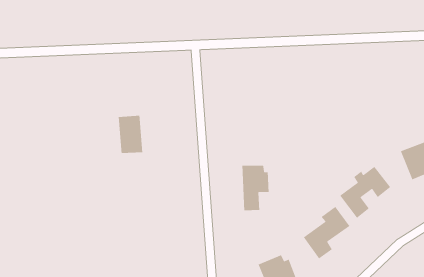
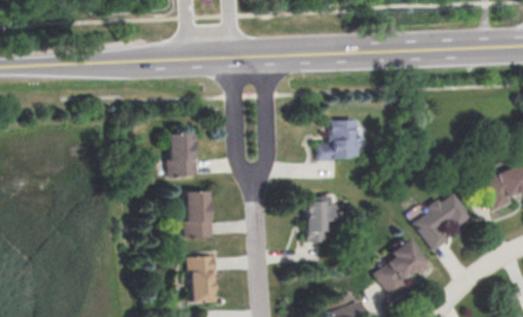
building: none -> [318,116,357,160]
building: none -> [187,192,213,239]
building: none -> [189,258,216,304]

